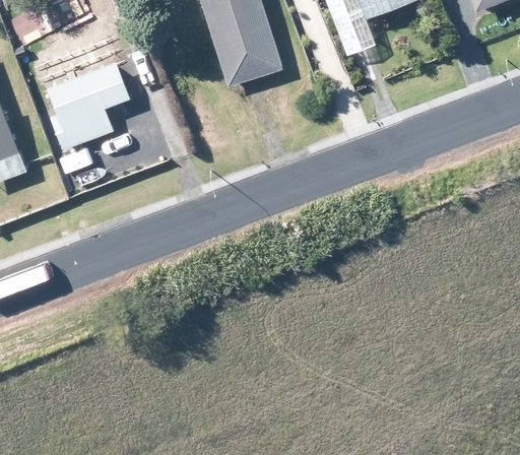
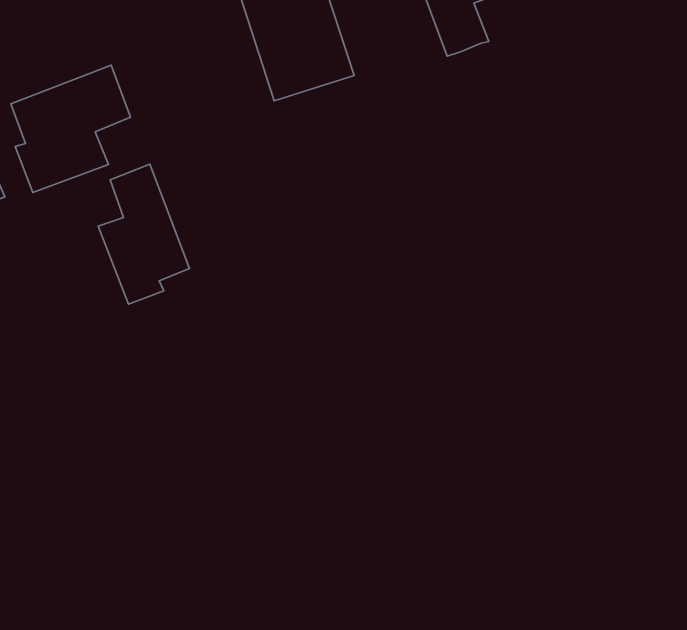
building: none -> [98,164,190,304]

